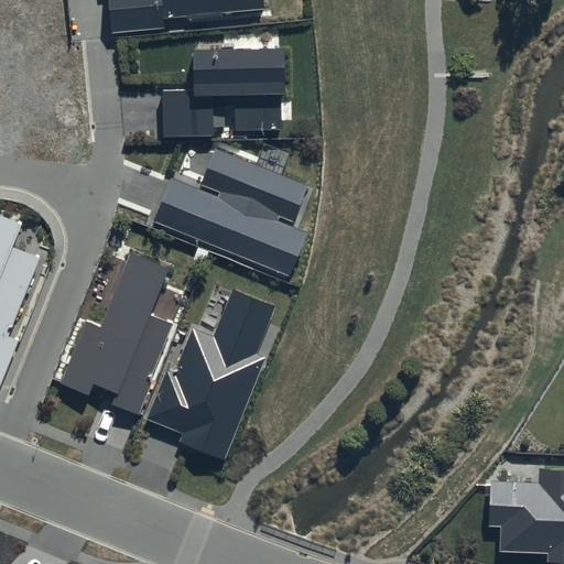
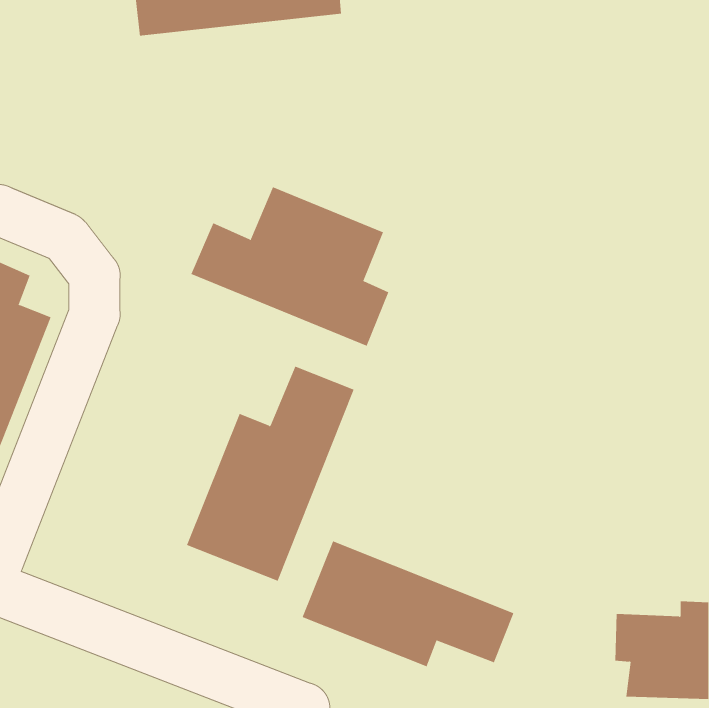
building: [158,45,288,139] -> none
building: [59,249,173,417] -> none
building: none -> [302,541,514,667]

